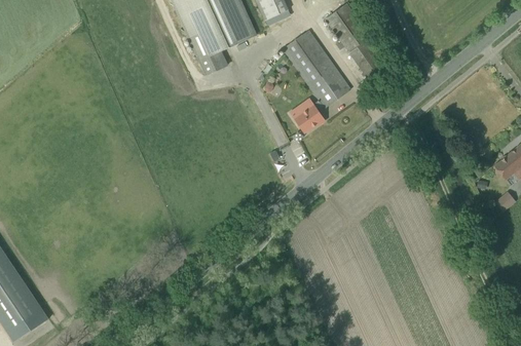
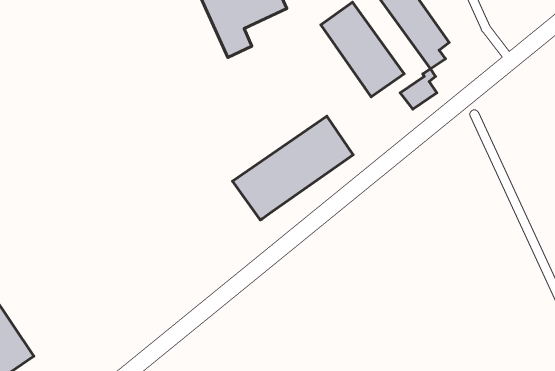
building: [294,100,324,132] -> [400,69,437,109]
building: none -> [232,116,353,220]

